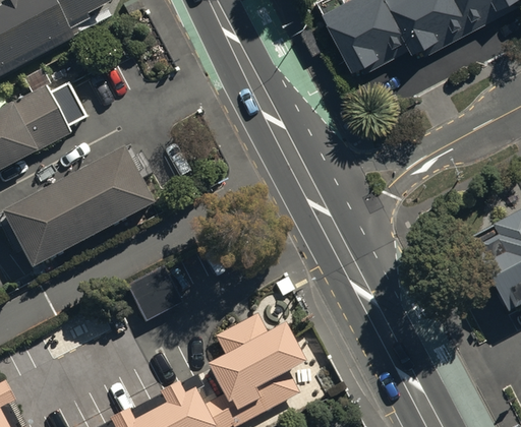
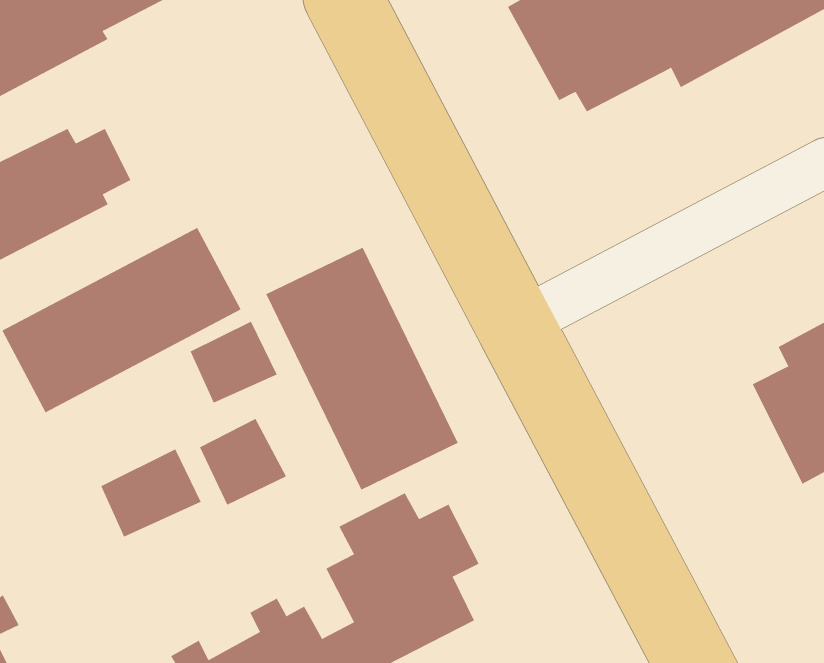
building: none -> [266,247,458,490]
building: none -> [190,321,277,404]
building: none -> [101,449,201,538]

